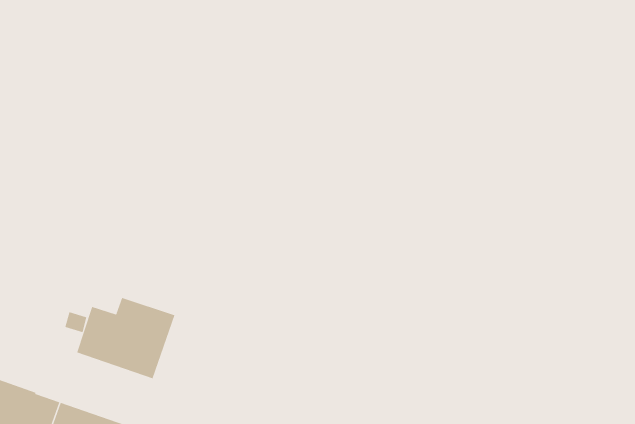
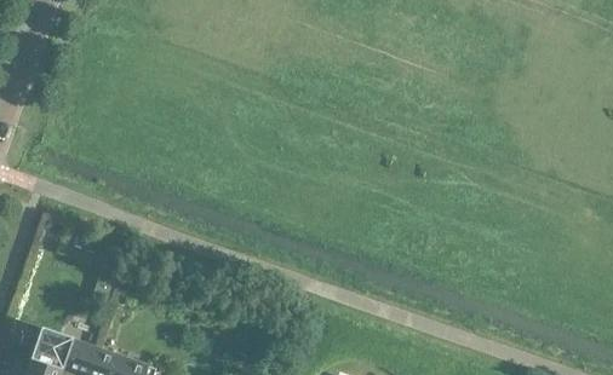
building: [76,297,175,379] -> none

